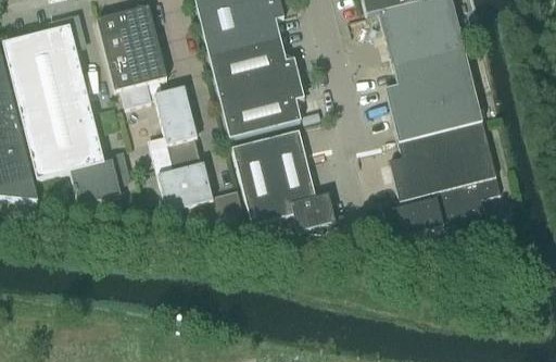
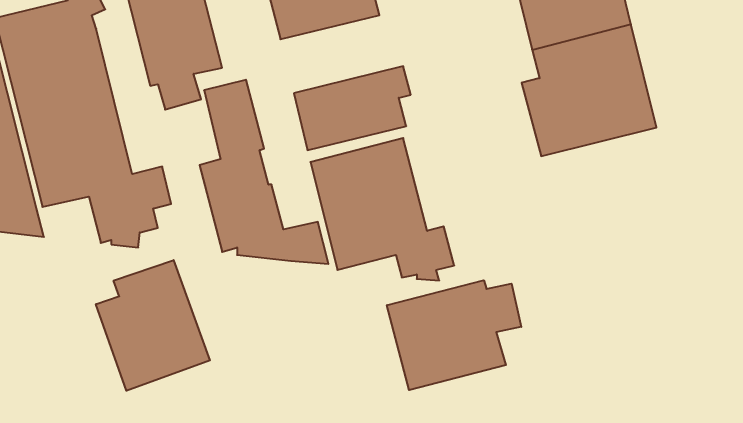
building: [210,40,299,97] -> none
building: [383,122,501,236] -> none
building: none -> [96,260,210,391]
building: none -> [387,280,521,390]

